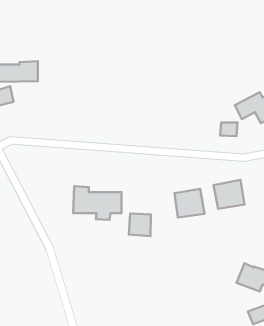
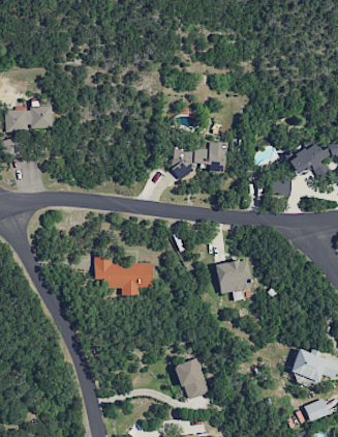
building: none -> [173,142,226,175]
building: [214,180,245,209] -> none
building: [129,214,151,236] -> none
building: none -> [175,357,210,401]

